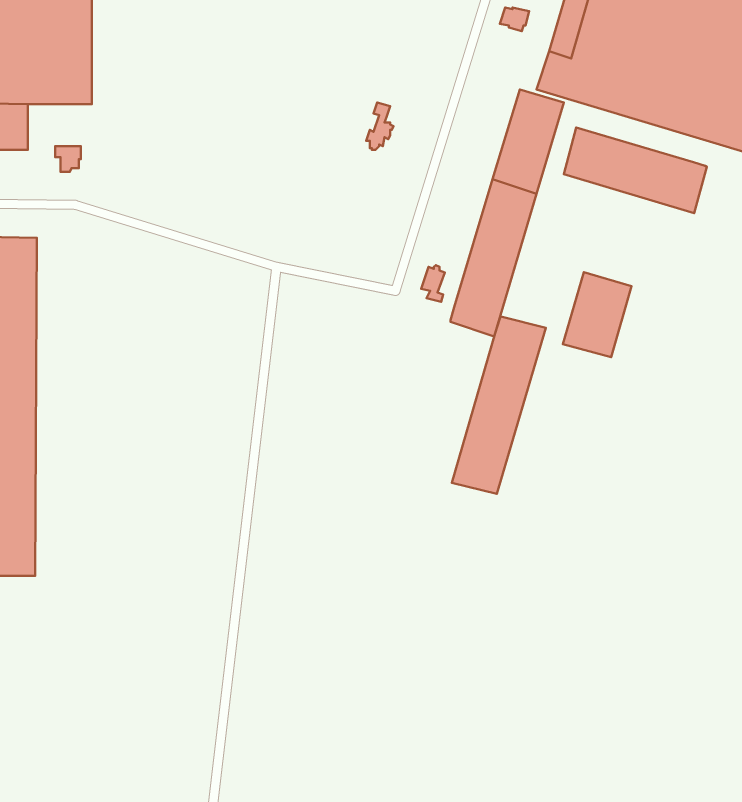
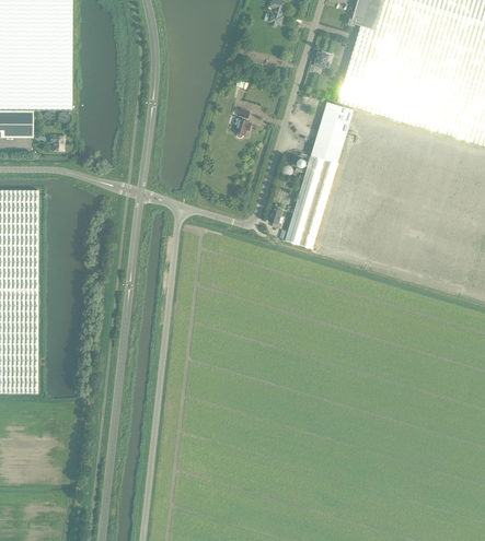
building: [564,128,707,213] -> none
building: [563,272,631,357] -> none
building: [452,317,546,494] -> none

